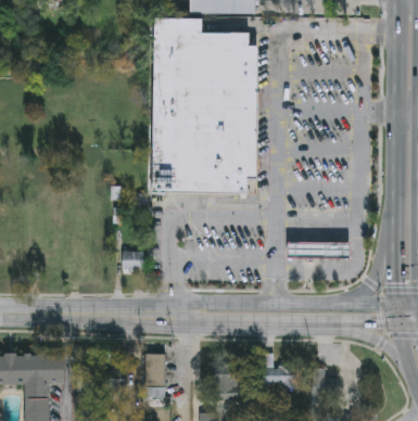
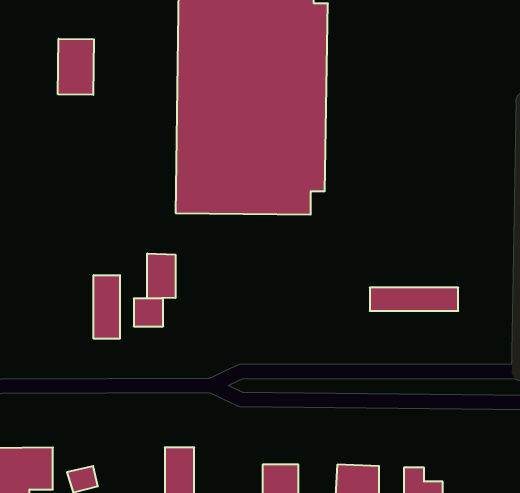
building: none -> [58,39,94,95]
building: none -> [147,253,176,298]
building: none -> [94,275,120,339]

